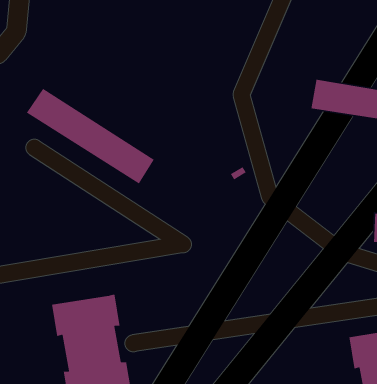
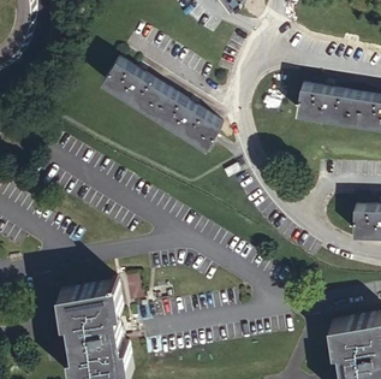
building: [26,88,155,184] -> [101,57,220,146]

